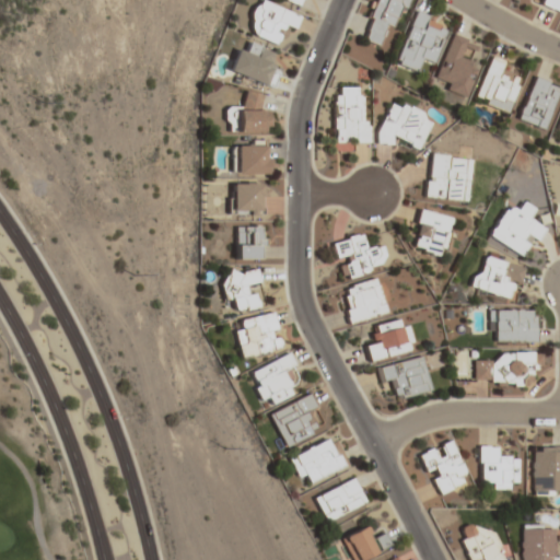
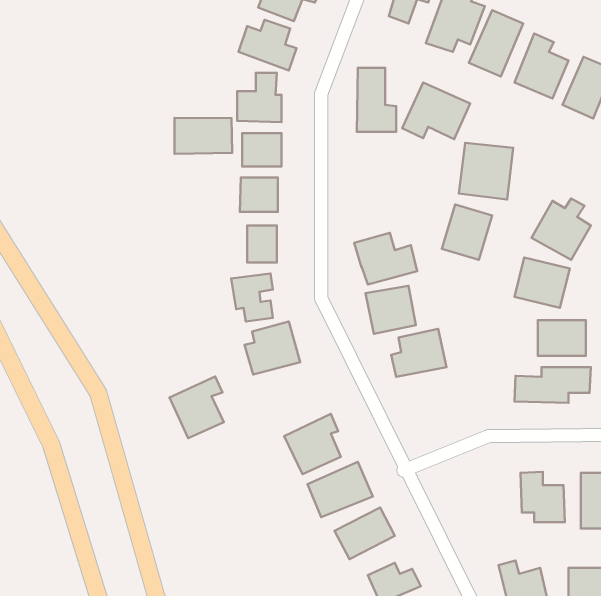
building: none -> [174,118,232,154]
building: [252,353,300,408] -> [170,377,224,438]
building: [378,357,433,399] -> none
building: [420,440,472,495] -> none

